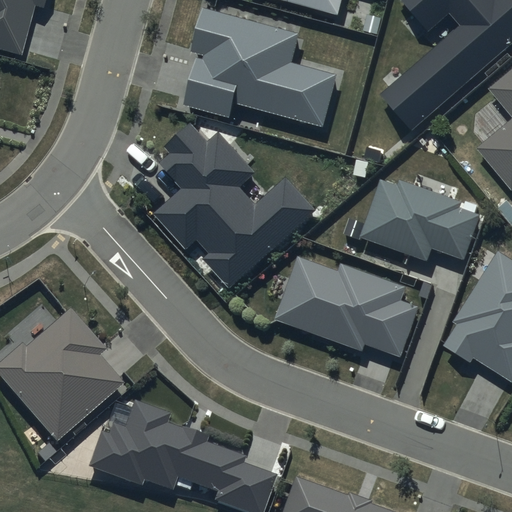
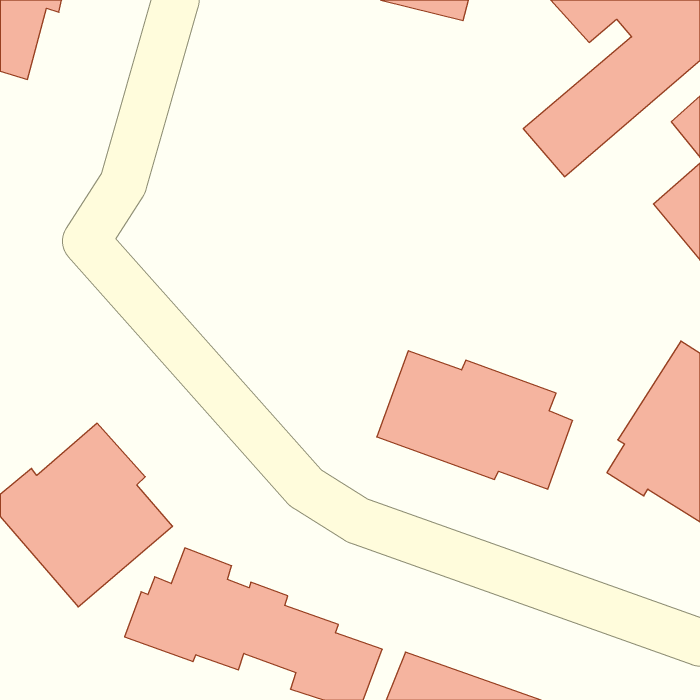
building: [184,9,337,128] -> none
building: [155,123,316,287] -> none
building: [357,178,481,263] -> none

